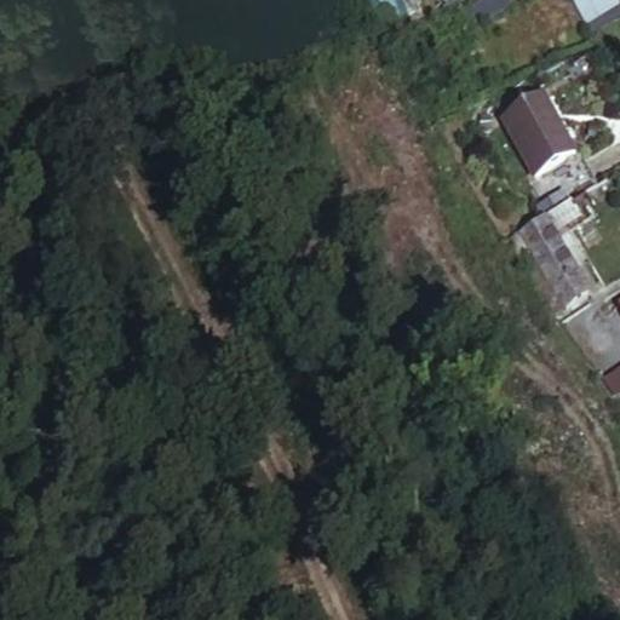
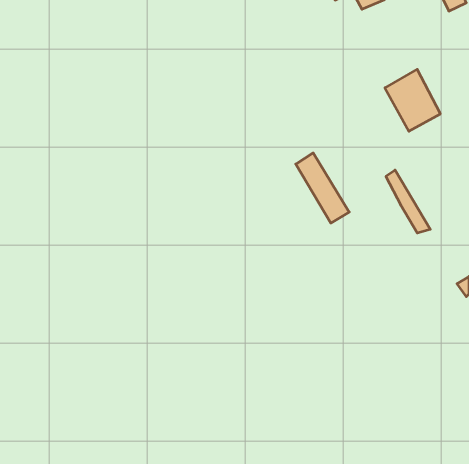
building: [518,208,589,300] -> [296,153,349,223]

